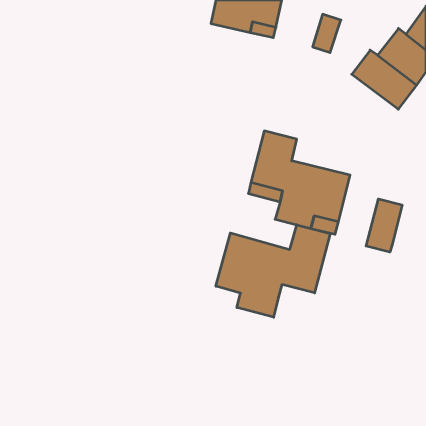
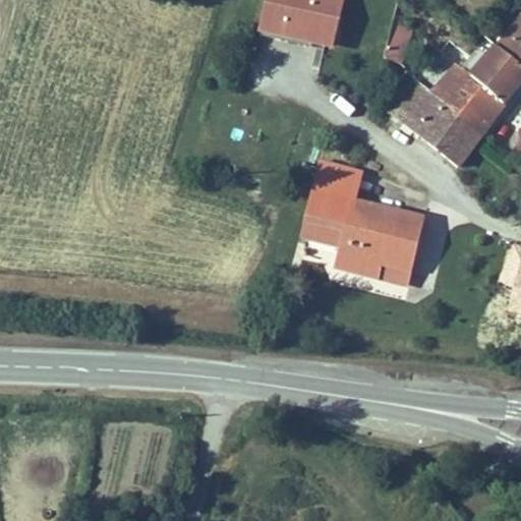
building: none -> [386,77,486,168]
building: [366,199,402,252] -> none
building: [216,225,330,317] -> none

